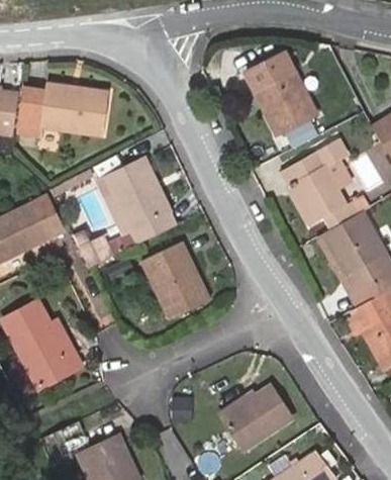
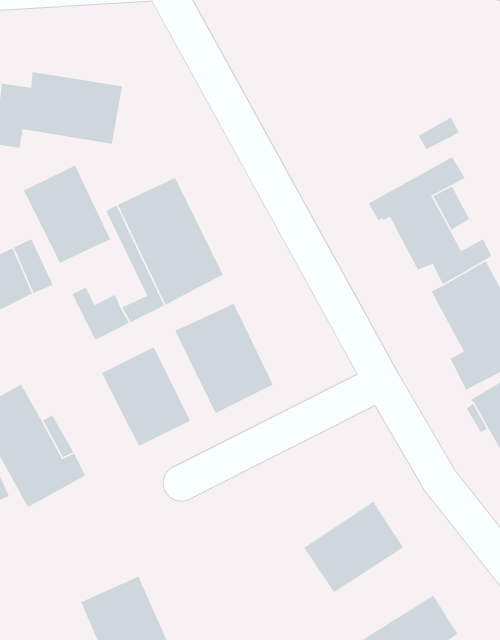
building: [241,58,313,139] -> none
building: none -> [23,165,111,264]
building: none -> [101,346,191,447]

